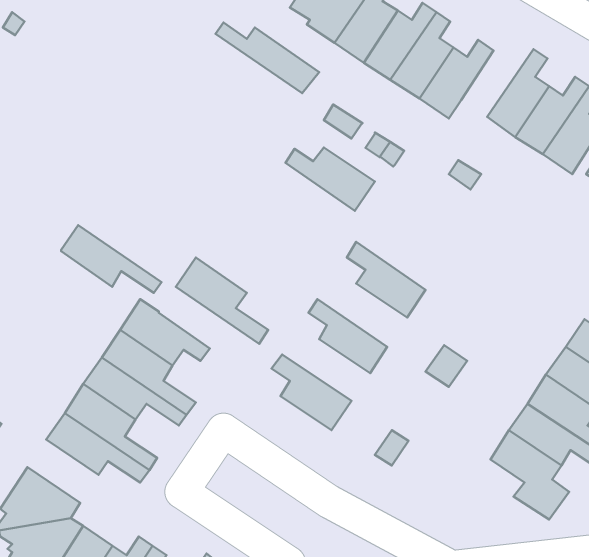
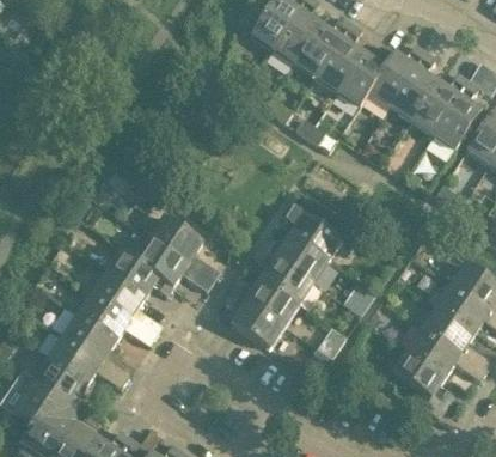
building: [215,23,319,93] -> none
building: none -> [369,45,425,105]
building: [285,147,375,211] -> [258,234,327,284]
building: [61,225,161,293] -> [135,237,213,290]
building: none -> [231,278,299,325]
building: none -> [33,355,88,404]

